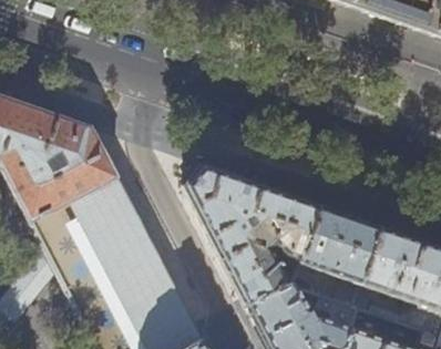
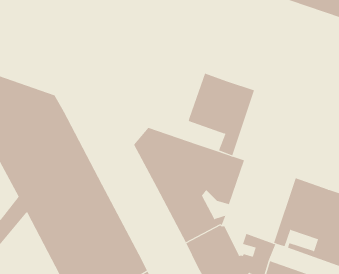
building: [301,206,382,307] -> [188,73,255,156]

